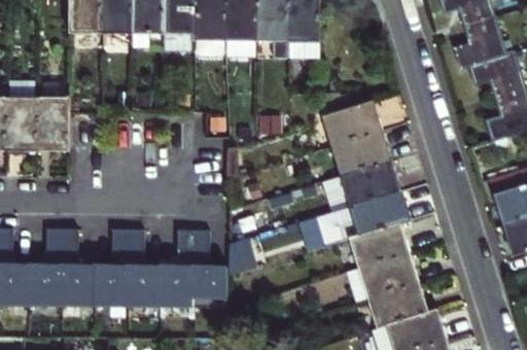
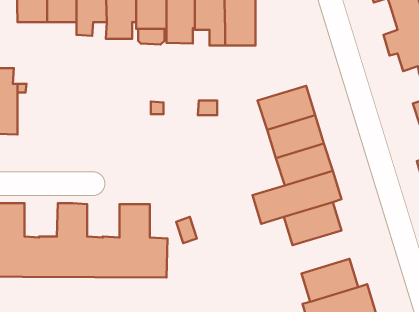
building: [347,253,418,302] -> none

